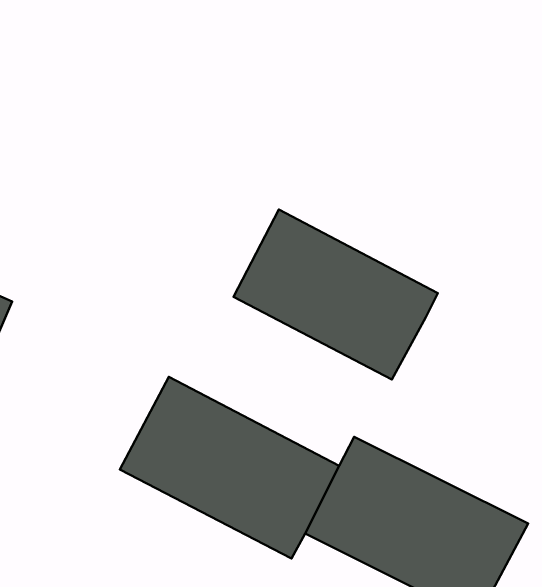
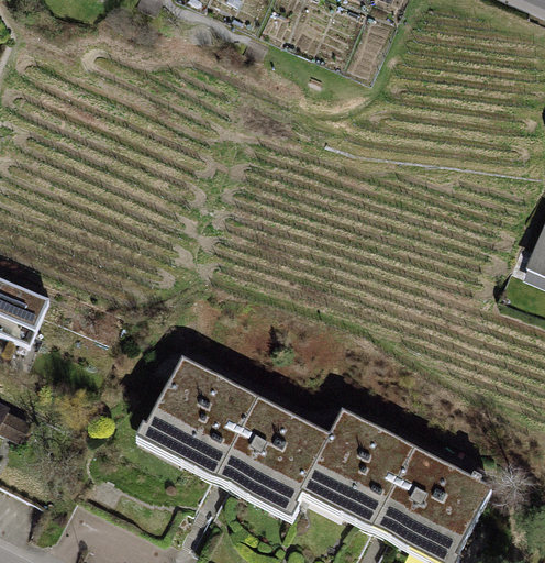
building: [234,209,438,379] -> none

